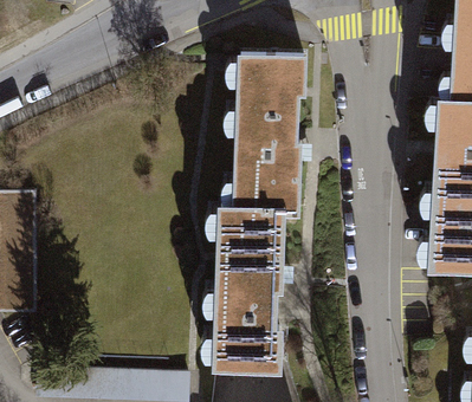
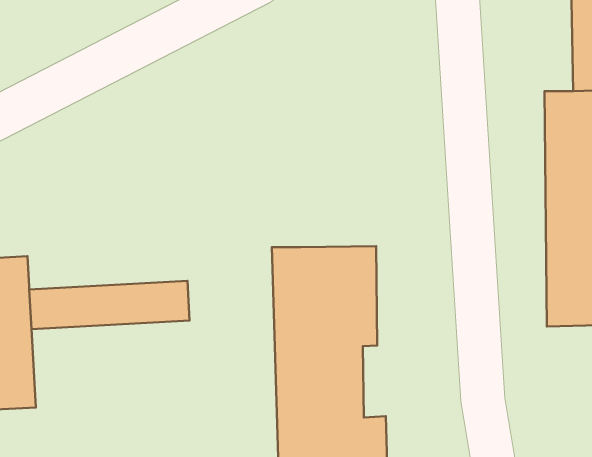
building: [241,54,317,202] -> none
building: none -> [29,281,190,329]

